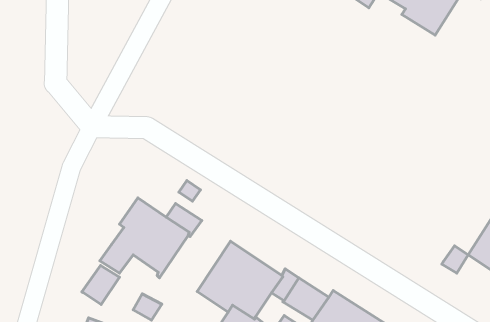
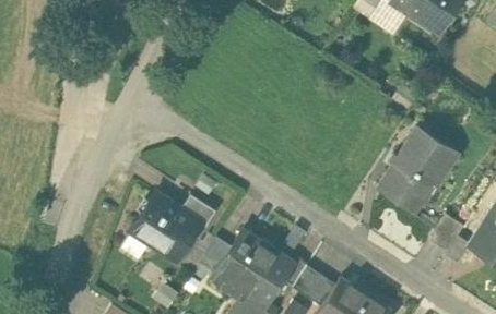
building: none -> [379,129,453,210]
building: none -> [429,214,464,251]
building: none -> [192,237,227,270]
building: [82,265,120,304] -> none

